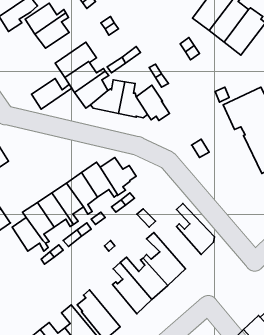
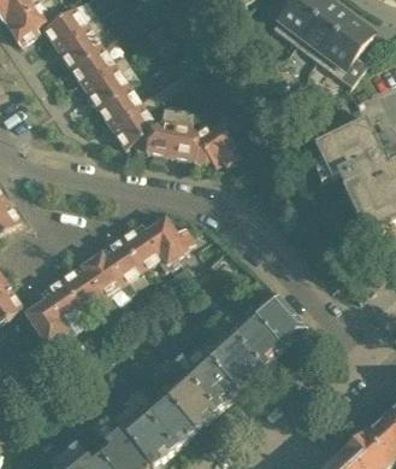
building: [31,78,72,109] -> [70,45,125,87]
building: none -> [218,310,283,368]
building: none -> [130,389,195,447]

